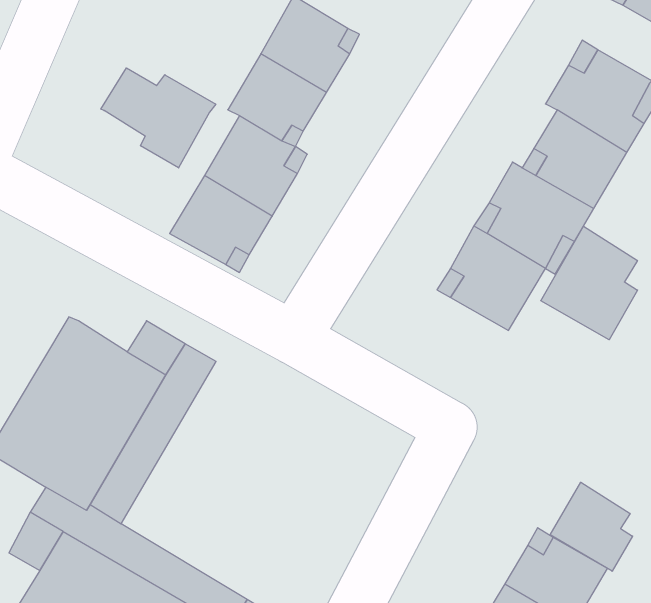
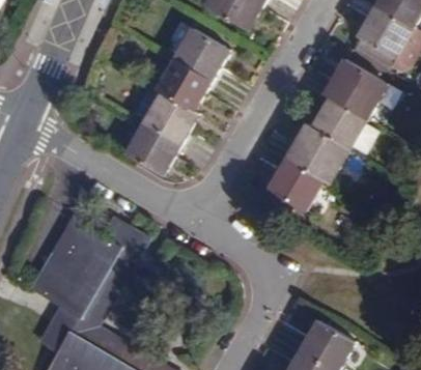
building: [101,68,216,168] -> none
building: [541,226,638,340] -> none
building: [550,482,633,571] -> none

